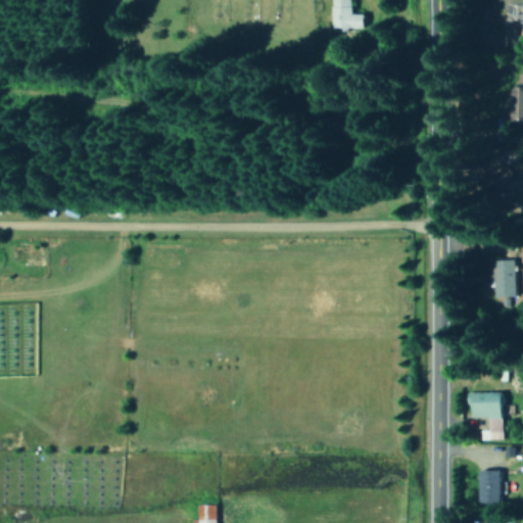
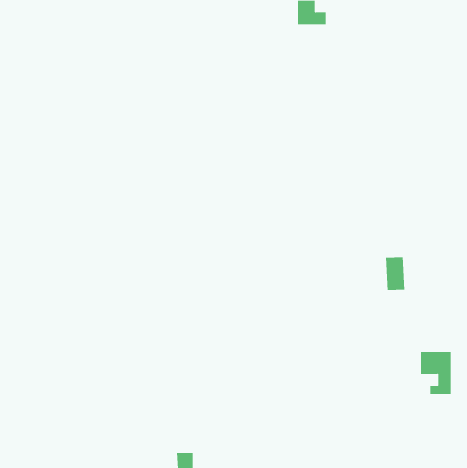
building: [493,259,516,297] -> [385,257,405,291]
building: [478,471,502,505] -> none

